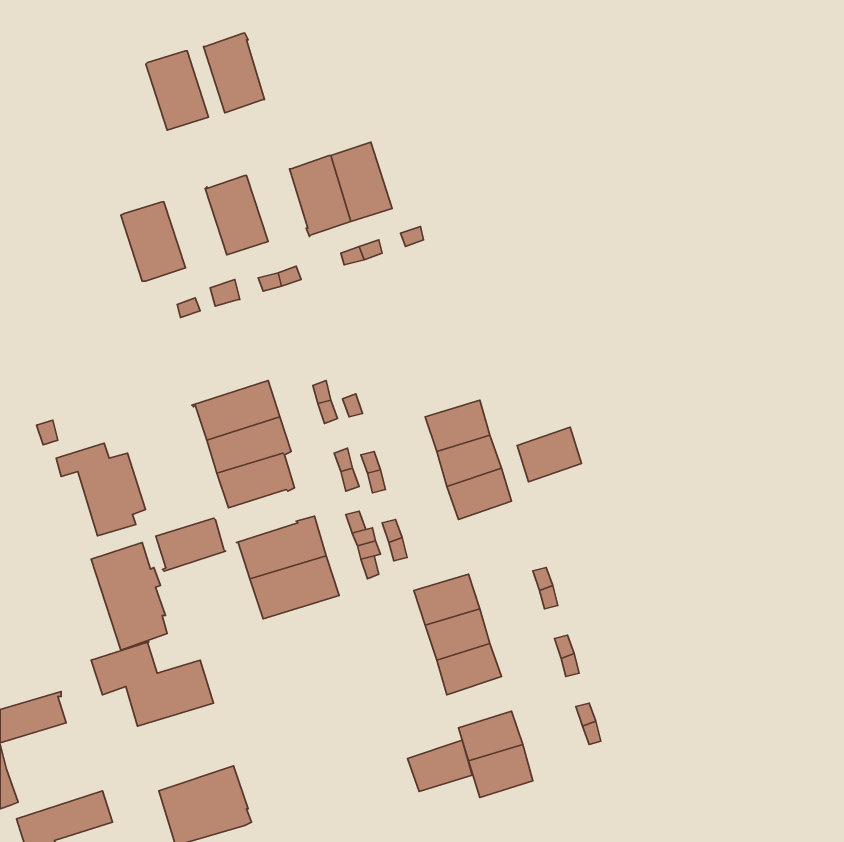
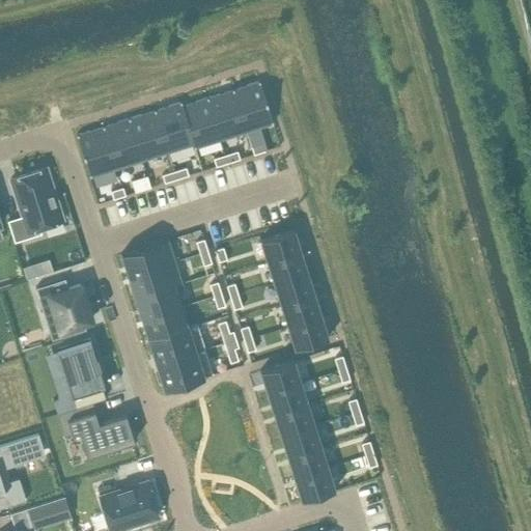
building: [203,33,265,113] -> [156,104,194,153]
building: [146,51,209,130] -> [104,120,143,170]
building: none -> [233,83,274,133]
building: none -> [8,169,63,244]
building: none -> [261,231,302,263]
building: [517,427,582,482] -> [288,316,329,351]
building: [156,518,225,571] -> [144,309,188,342]
building: [408,740,472,792] -> [281,426,322,458]

